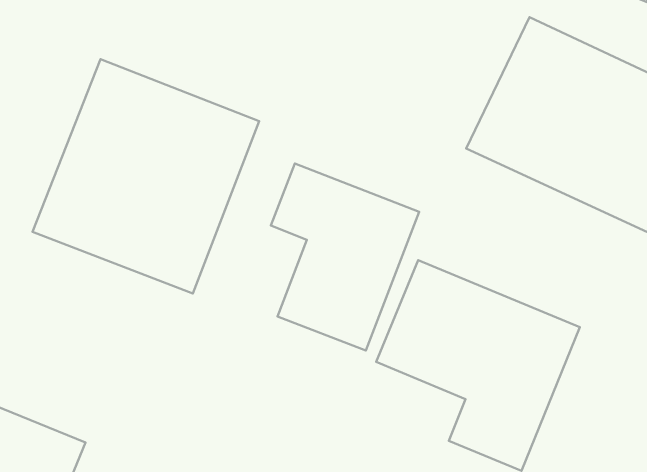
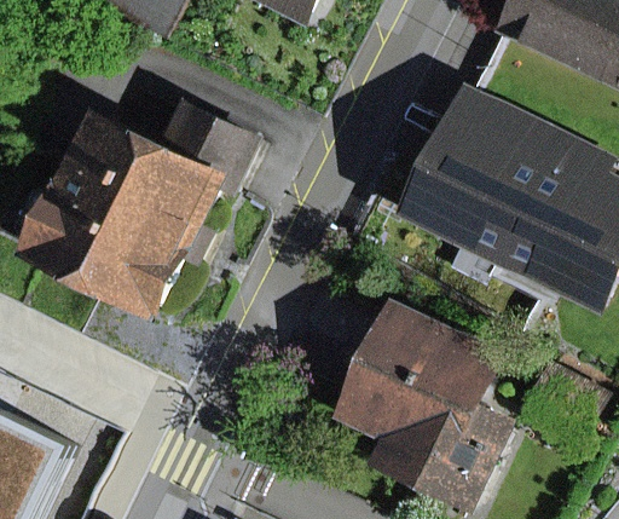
building: [271,163,419,350] -> none

